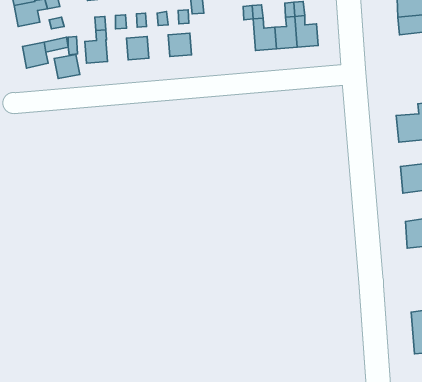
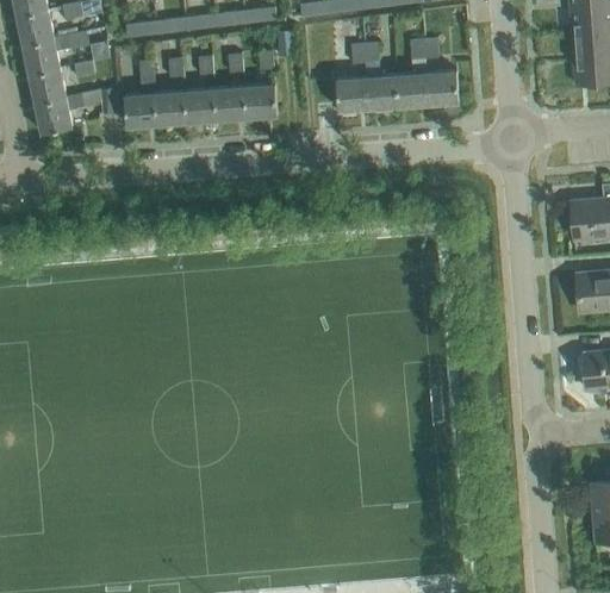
building: none -> [336,76,369,111]
building: none -> [214,86,247,119]
building: none -> [155,90,187,124]
building: [54,54,80,79] -> [30,68,67,102]

